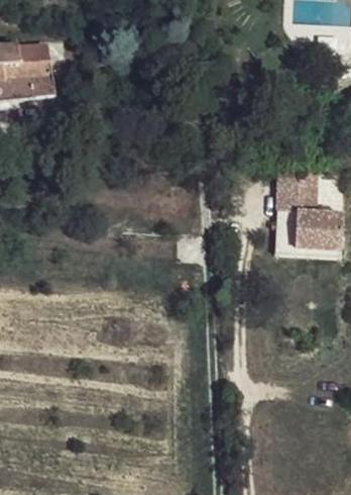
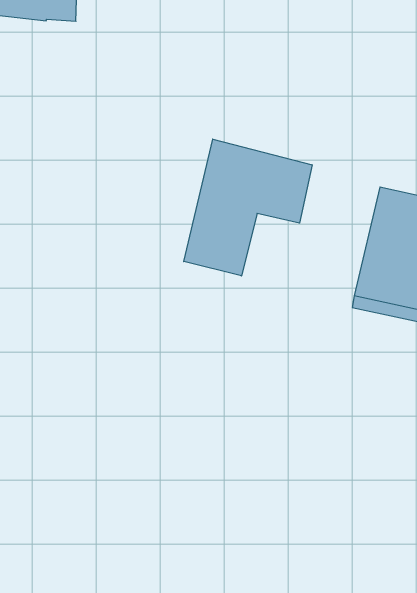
building: none -> [184,139,312,276]

